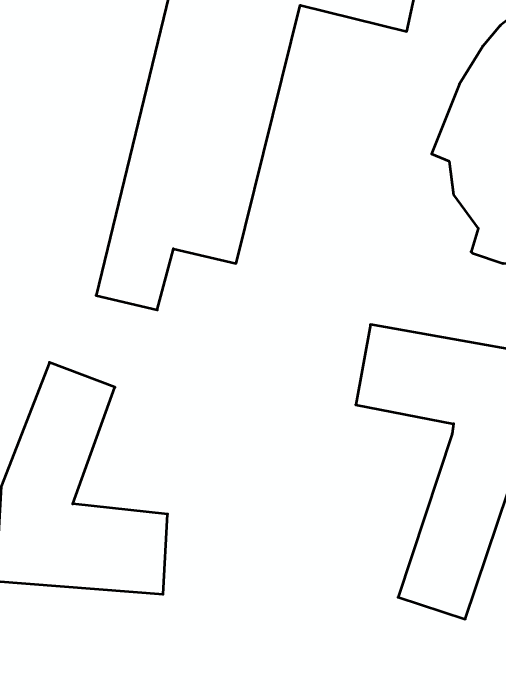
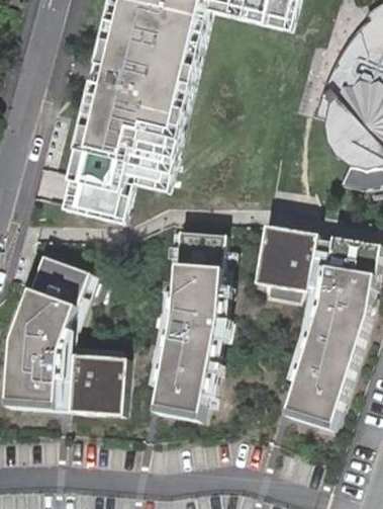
building: none -> [150,233,222,422]

